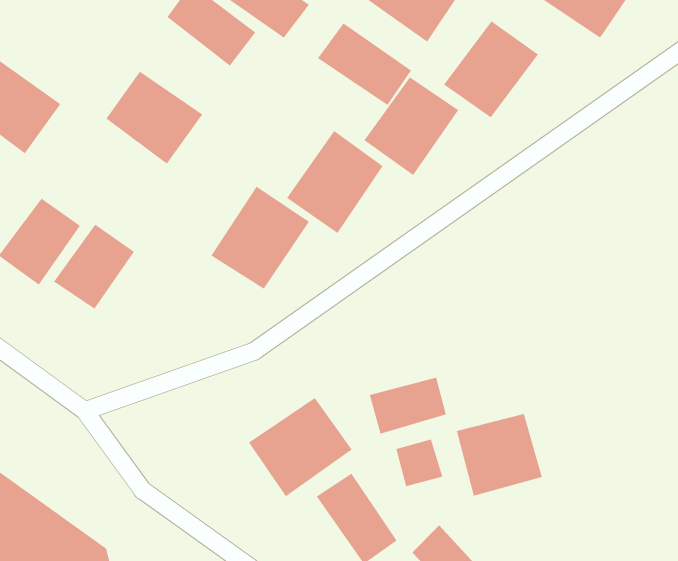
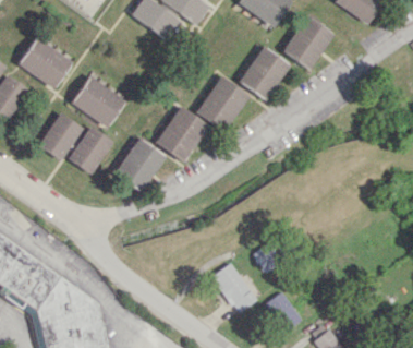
building: [317,22,412,106] -> none
building: [106,71,203,164] -> [73,76,126,128]
building: none -> [114,137,166,192]
building: [369,377,447,435] -> none
building: [248,397,353,497] -> none
building: [456,413,542,496] -> none

